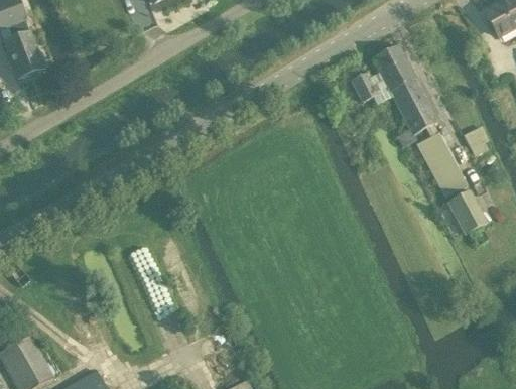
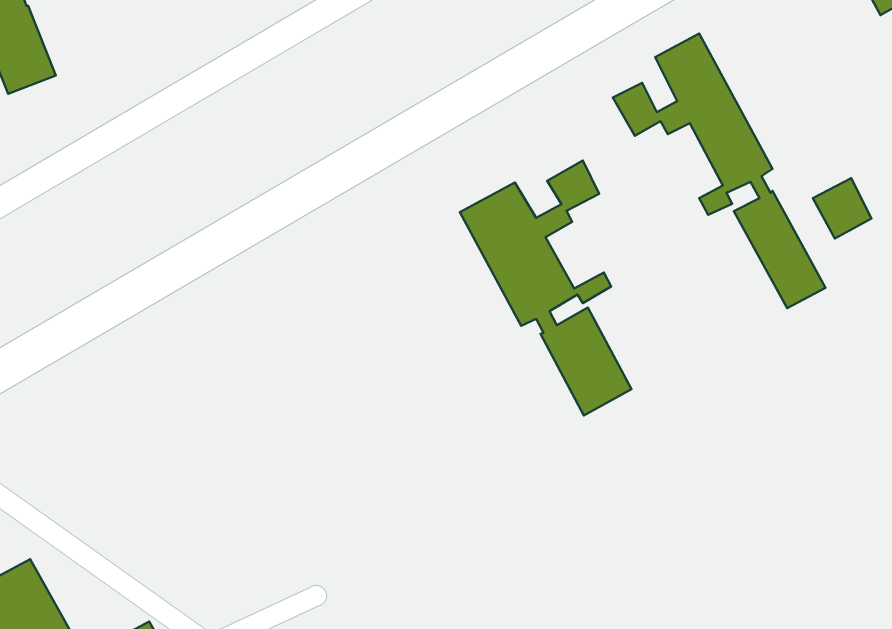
building: none -> [460,160,631,416]
building: [446,190,487,235] -> none

